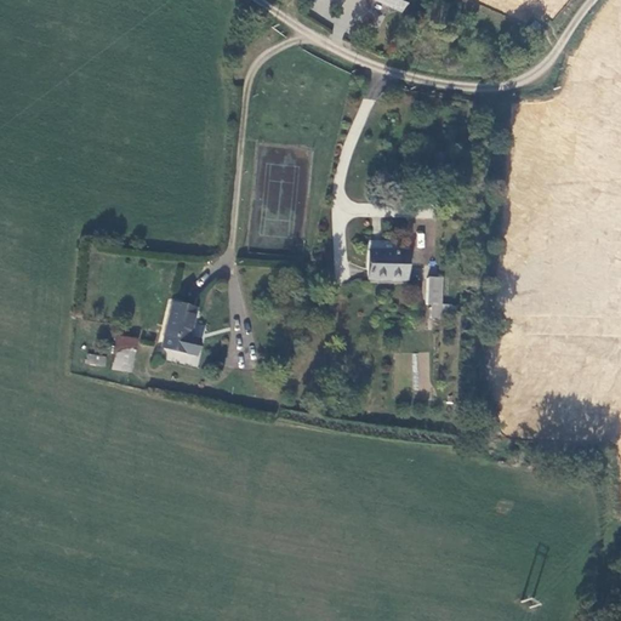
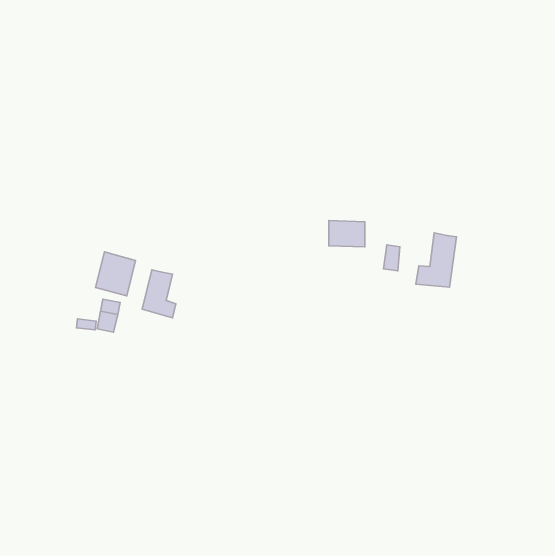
building: none -> [416,233,456,287]
building: none -> [96,252,136,296]

